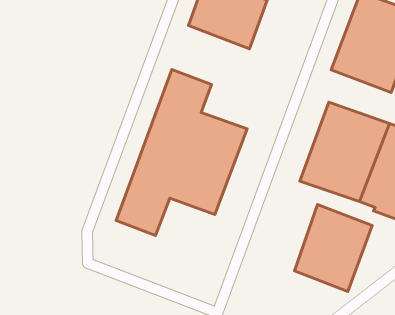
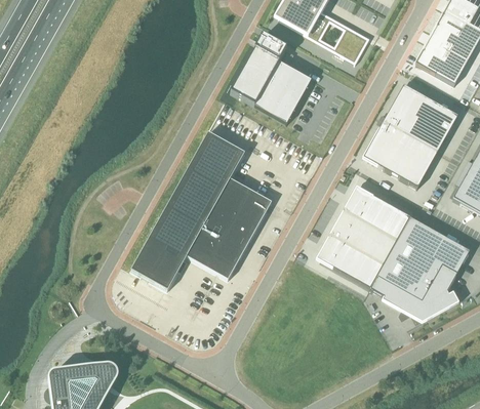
building: [295,205,372,292] -> none

